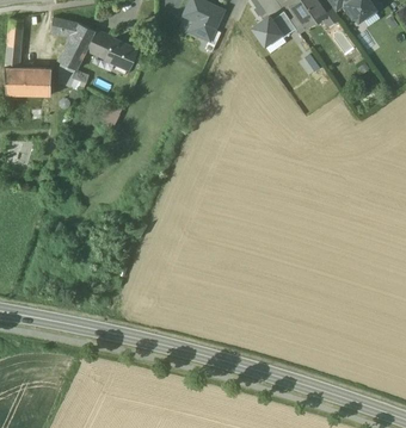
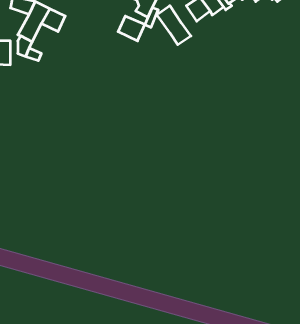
building: none -> [157,6,191,45]
building: [105,41,136,69] -> [118,16,145,41]

